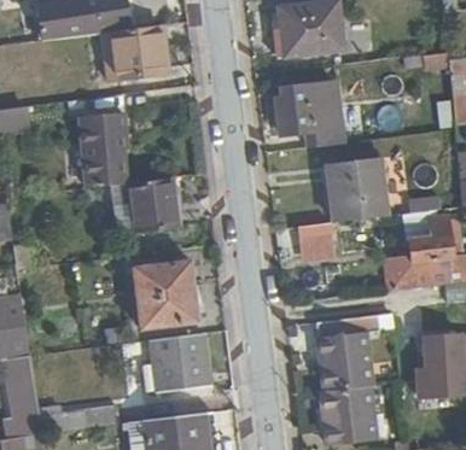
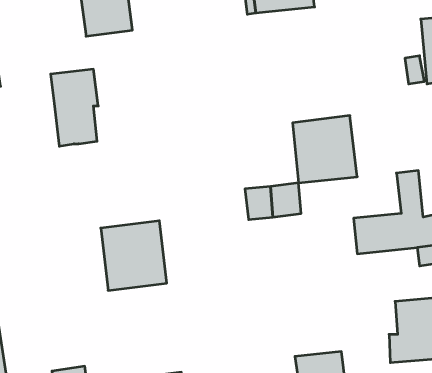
building: [270,80,343,147] -> none
building: [111,177,177,233] -> none
building: [314,317,379,395] -> none
building: [153,333,208,391] -> none

